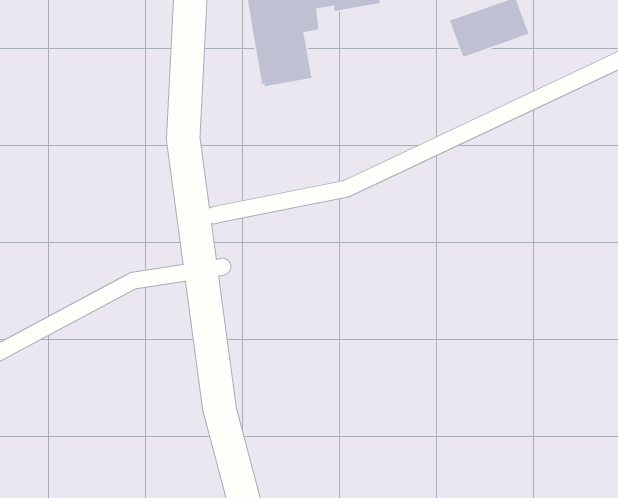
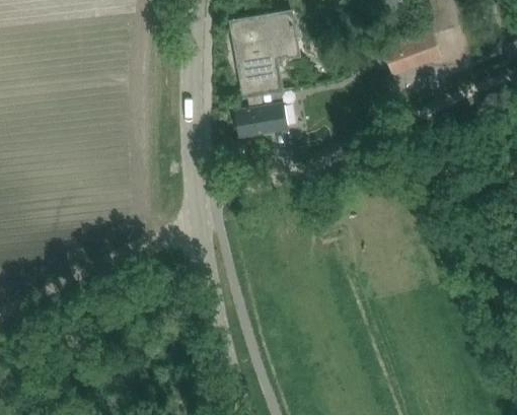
building: none -> [232,92,286,137]

